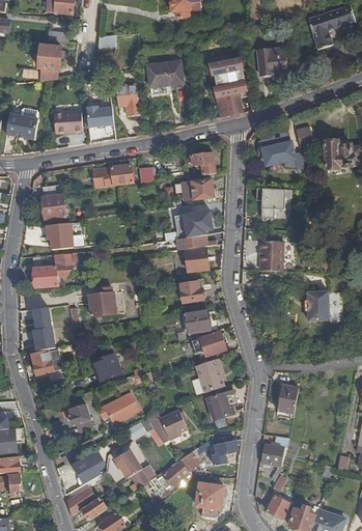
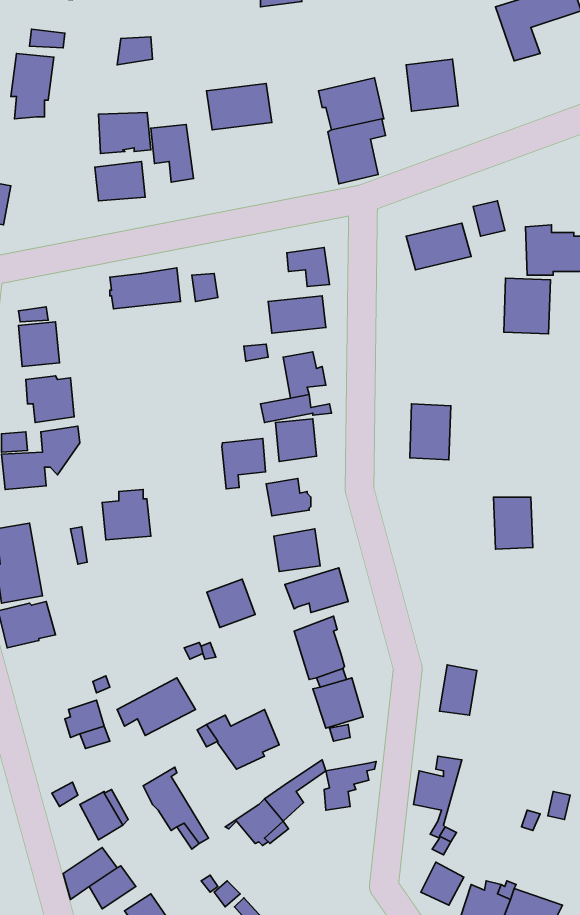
building: [53,111,82,134] -> [99,112,151,153]
building: [262,187,288,218] -> [504,278,550,334]
building: none -> [222,439,266,489]
building: [93,354,120,381] -> [207,579,255,628]
building: [195,483,223,509] -> none

